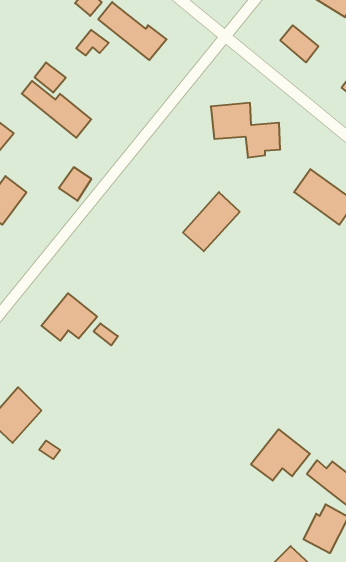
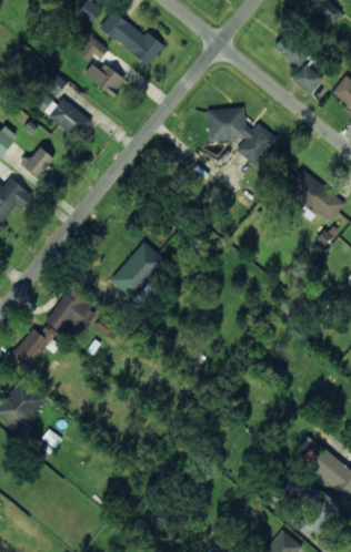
building: none -> [83,64,126,96]
building: none -> [292,64,323,94]
building: [59,167,91,201] -> [22,146,53,178]
building: [183,192,240,251] -> [110,242,164,298]
building: none -> [11,326,57,368]
building: [251,429,310,481] -> none

